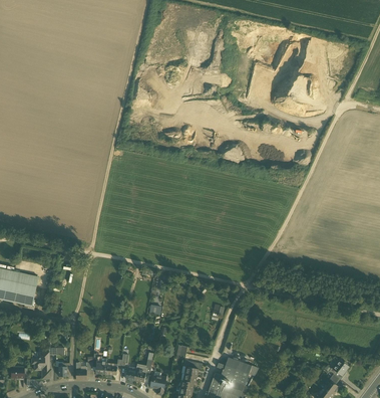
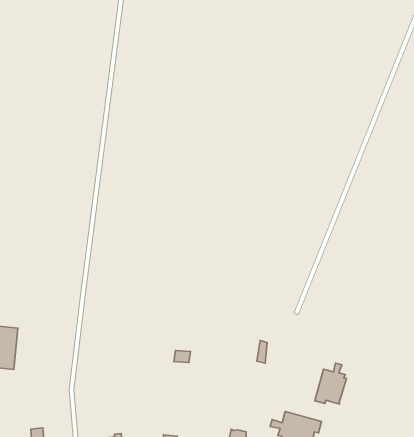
building: none -> [315,363,347,404]

